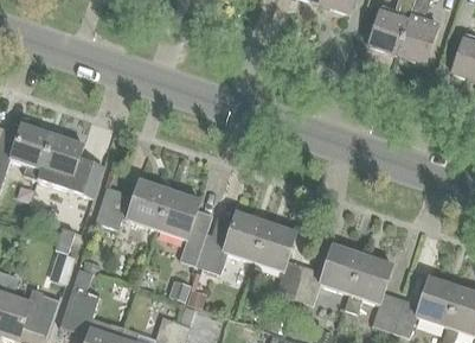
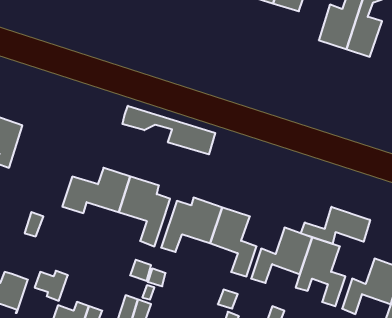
building: none -> [122,106,215,154]
building: [39,135,104,199] -> none
building: none -> [301,207,370,244]

